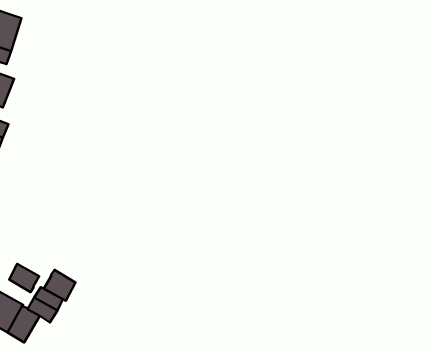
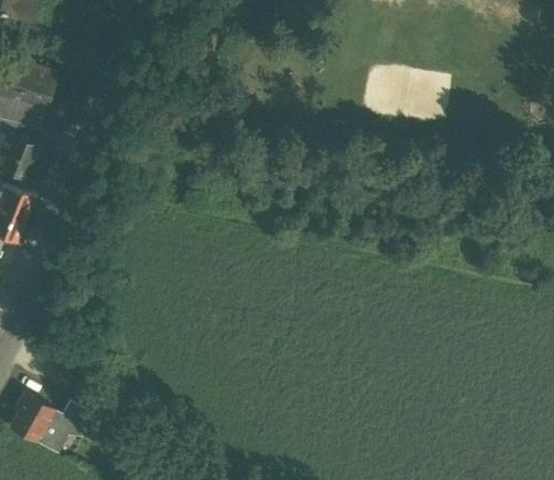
building: [9,264,39,292] -> none
building: [44,270,76,301] -> none

